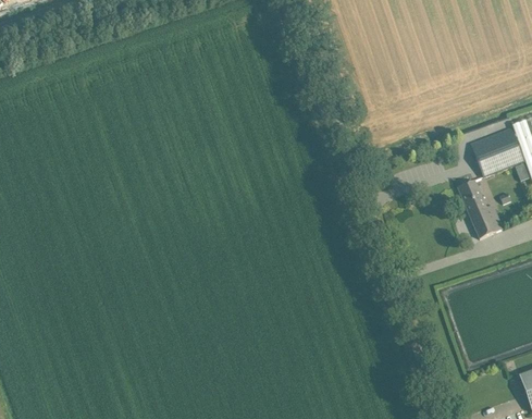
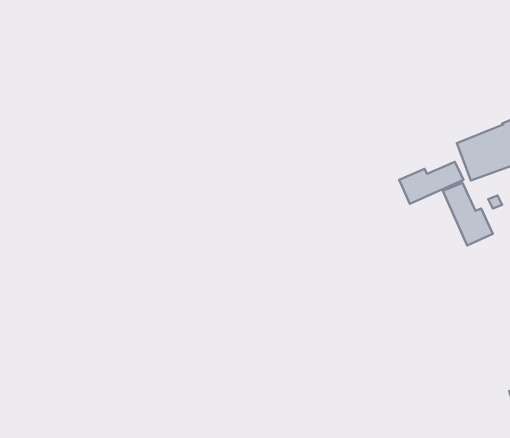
building: none -> [399,162,464,204]

